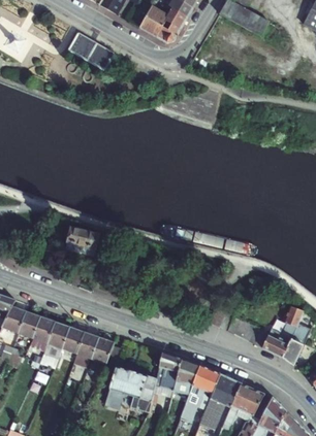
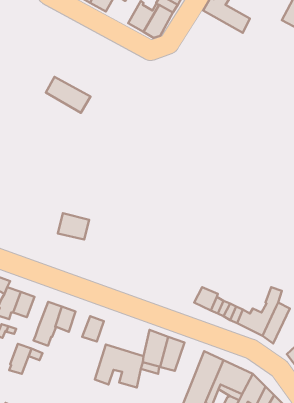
building: [67,33,115,71] -> [46,77,91,113]
building: [31,316,55,348] -> [9,344,32,374]
building: [73,332,99,367] -> none
building: [180,365,220,423] -> none

